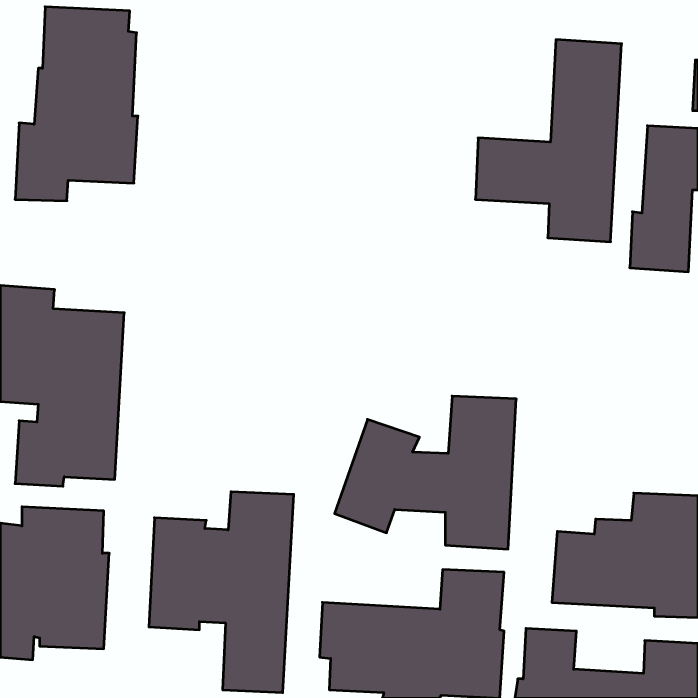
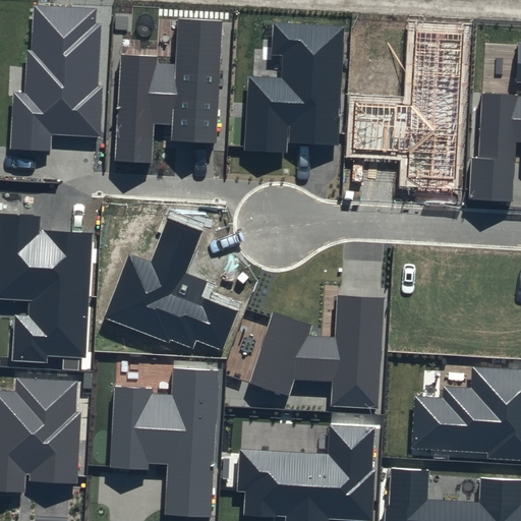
building: none -> [115,18,223,163]
building: none -> [244,23,345,153]
building: none -> [105,218,238,350]

